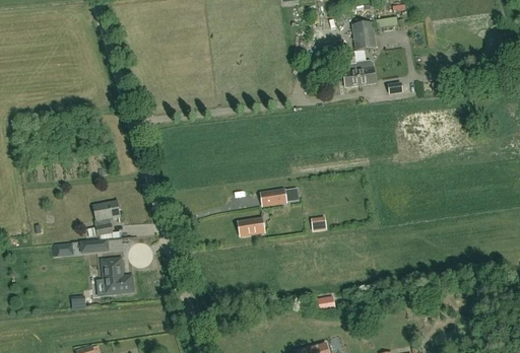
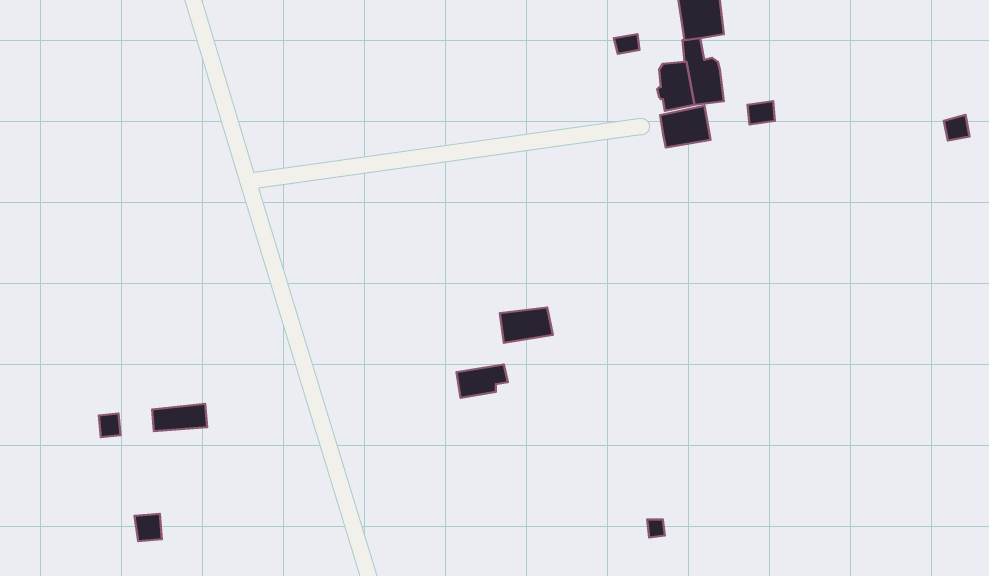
building: none -> [660,106,711,147]
building: [87,201,120,236] -> none
building: [103,259,132,293] -> none

